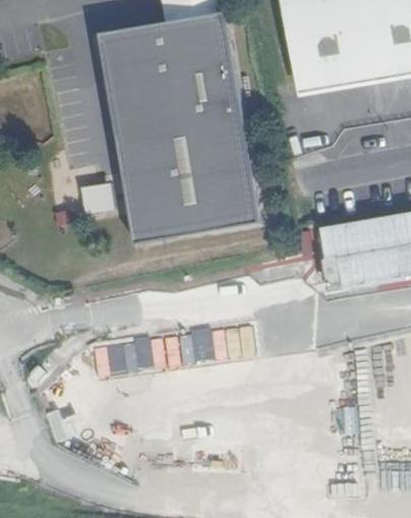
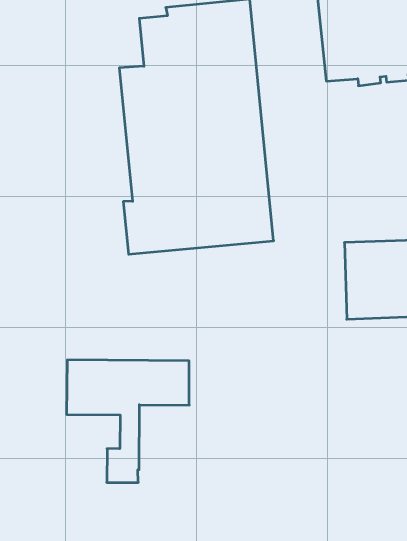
building: [98,26,152,199] -> none

